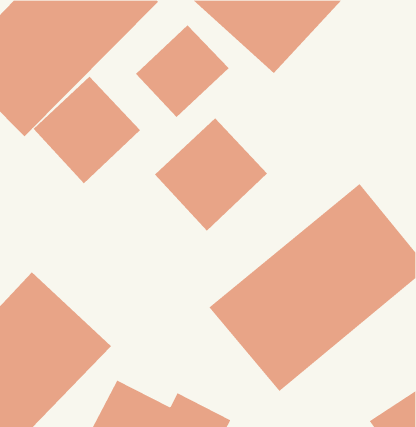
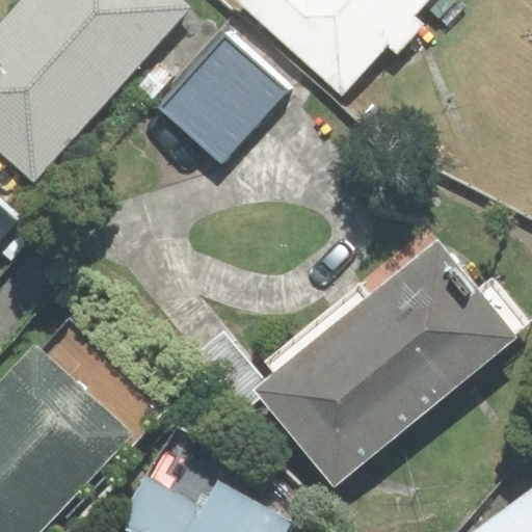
building: [33,76,141,184] -> none
building: [154,118,268,231] -> none

